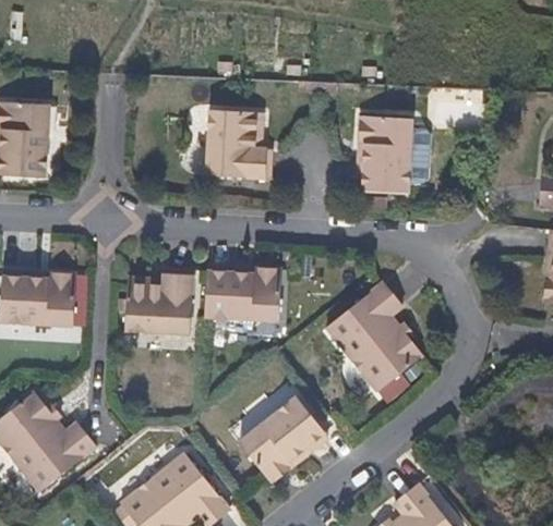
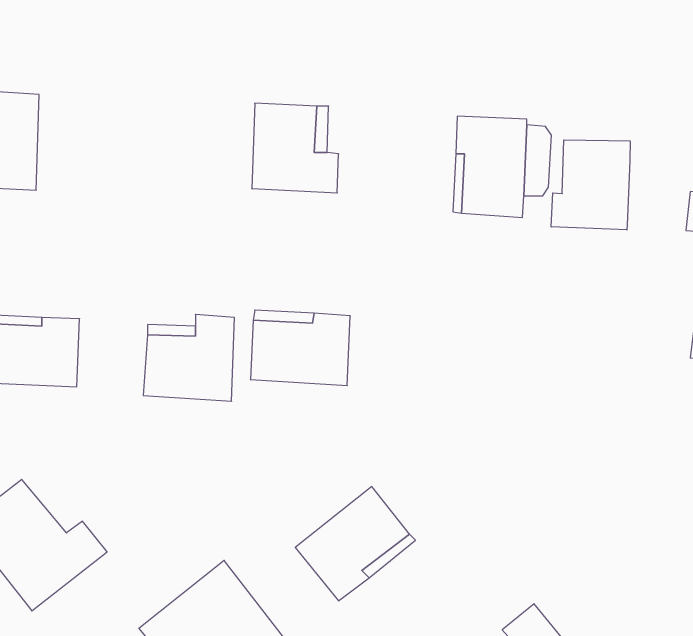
building: none -> [551,140,630,230]
building: [326,285,421,393] -> none

